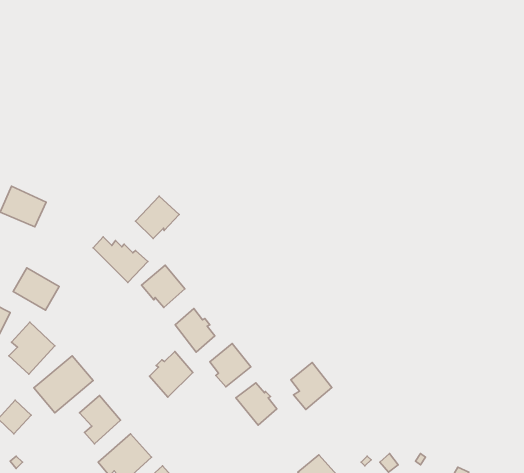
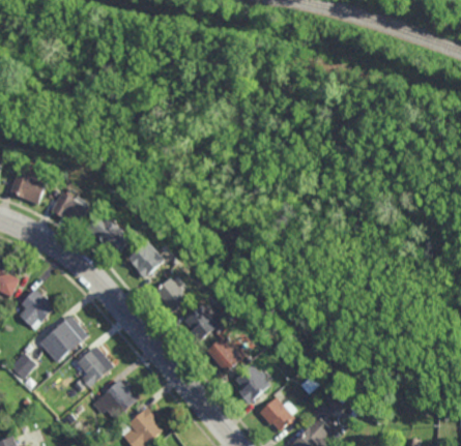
building: [136,196,179,239] -> none
building: [13,268,59,310] -> [52,192,90,228]
building: [150,352,193,397] -> none
building: [291,363,332,410] -> [235,363,269,403]

